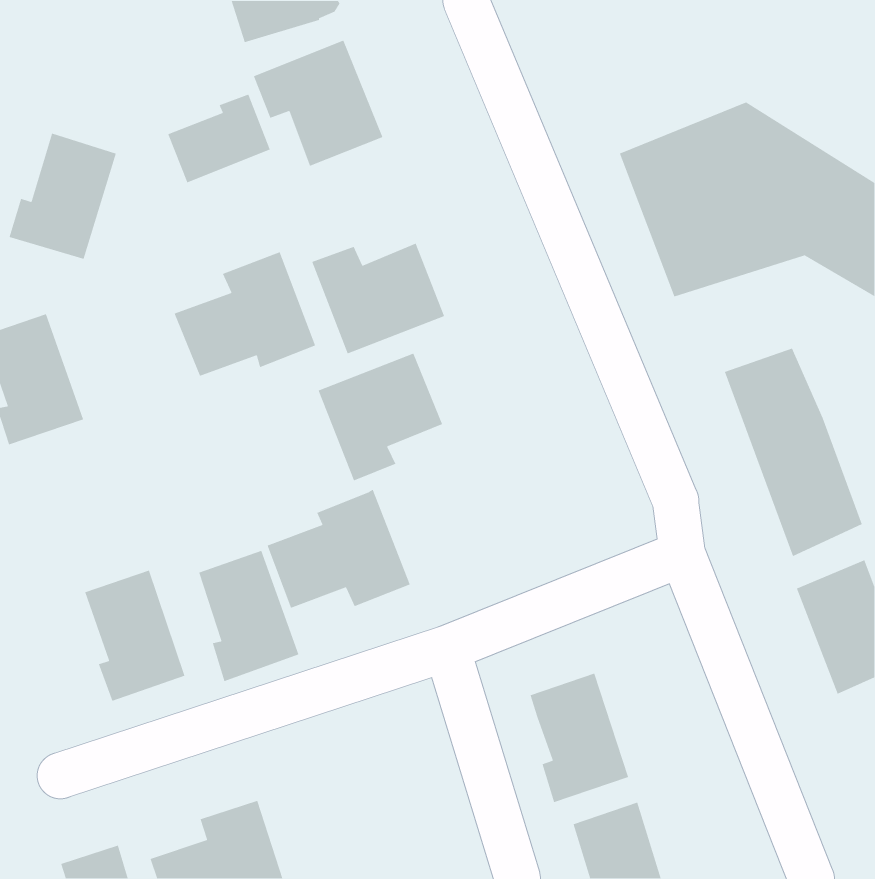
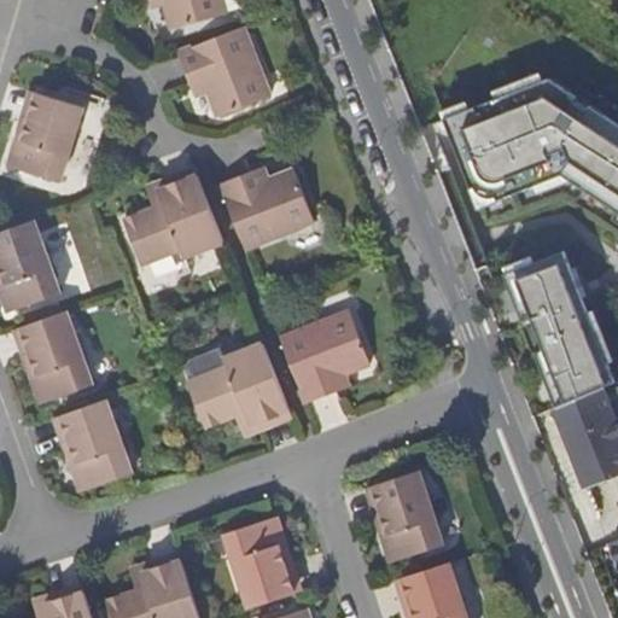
building: [167,93,271,183] -> none
building: [318,352,443,481] -> [280,313,368,403]
building: [198,550,300,682] -> [21,311,92,404]
building: none -> [223,518,293,608]

